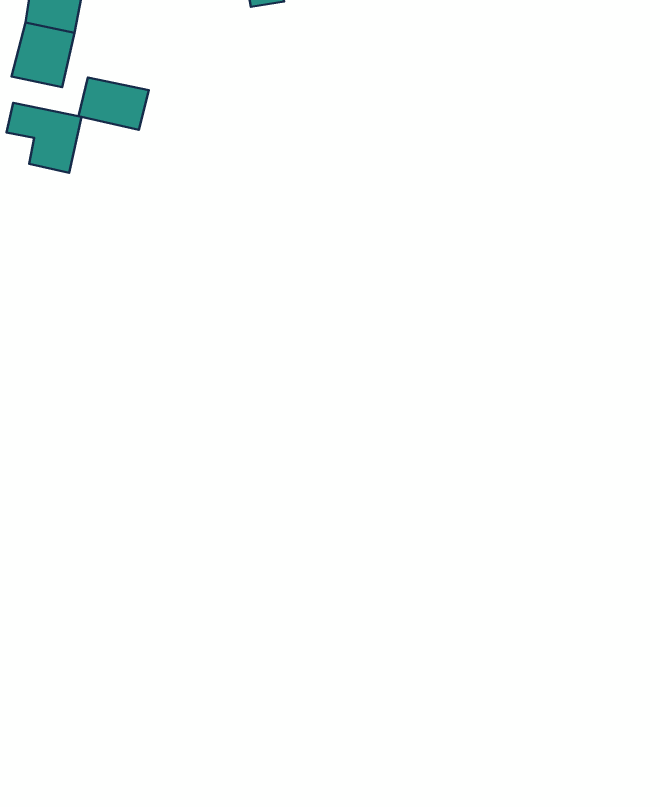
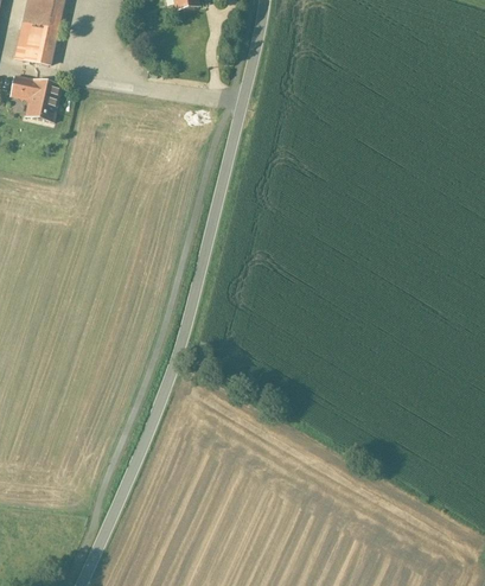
building: [78,78,149,130] -> none

